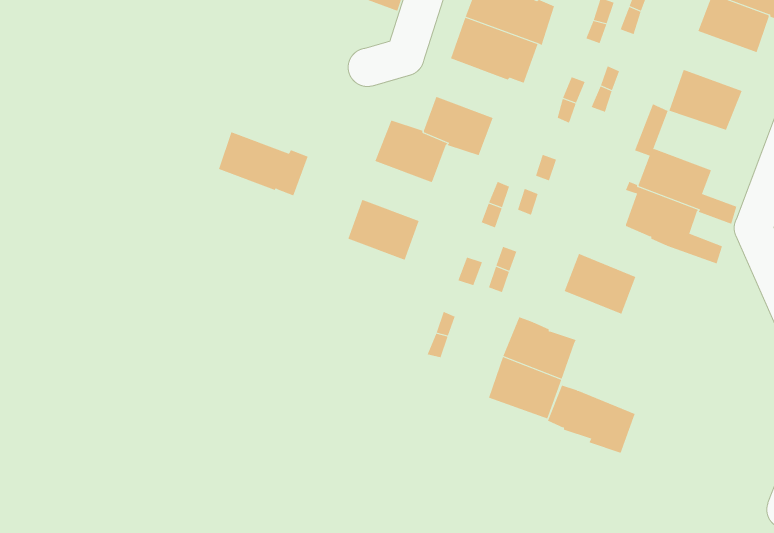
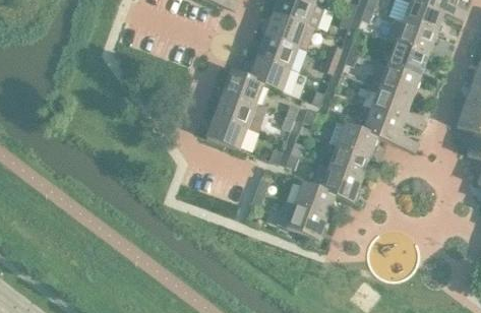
building: none -> [387,16,437,53]
building: none -> [256,35,297,68]
building: none -> [379,64,420,98]
building: [218,131,308,196] -> [215,92,265,129]
building: none -> [328,119,377,158]
building: [547,385,635,453] -> [311,163,361,201]

